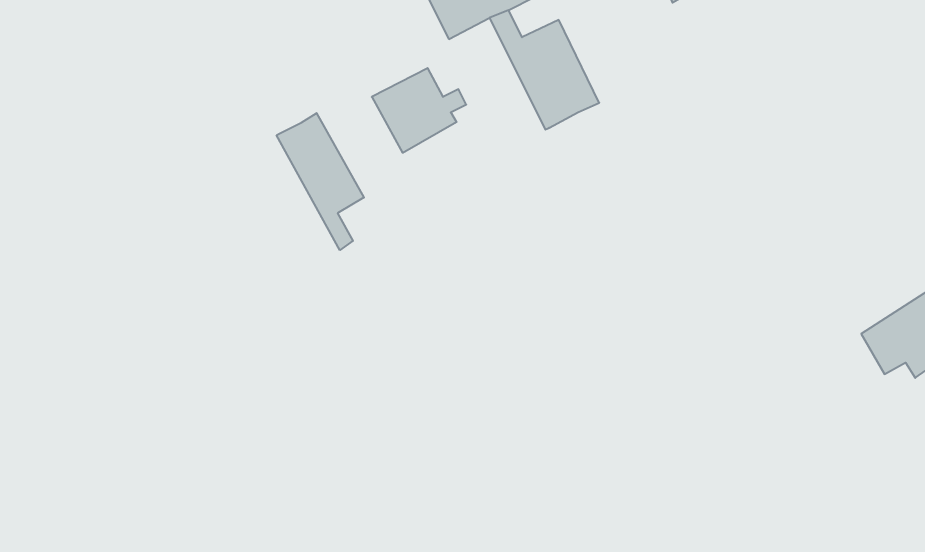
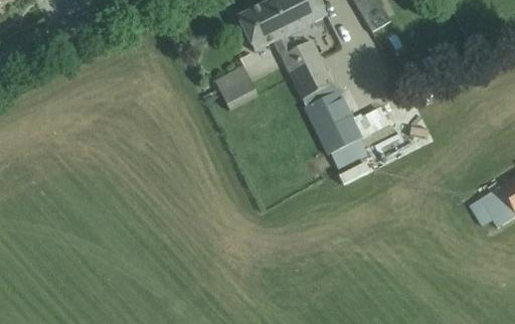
building: none -> [303,88,367,168]
building: [277,113,364,250] -> none

